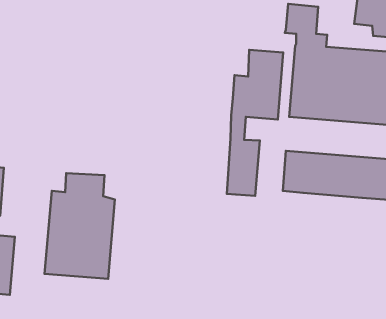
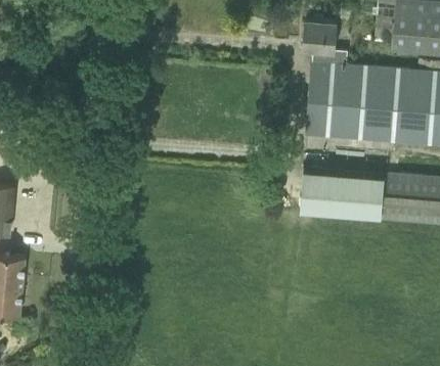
building: [227,50,283,196] -> none
building: [44,173,115,279] -> none

